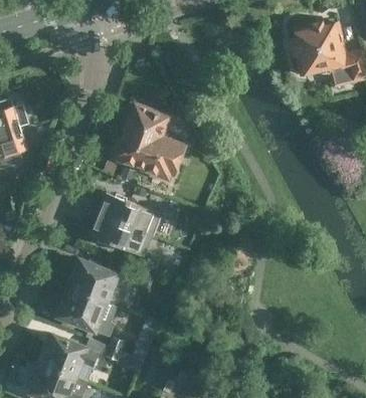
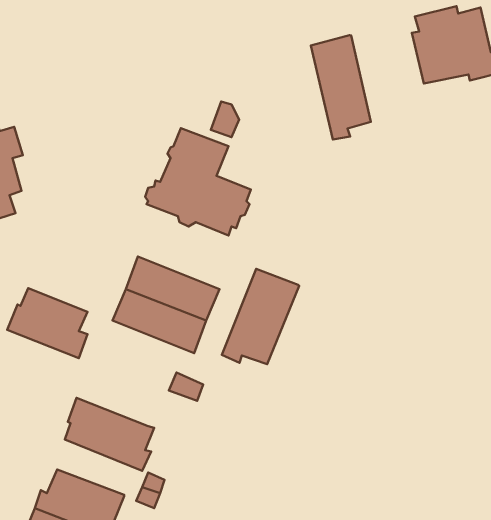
building: none -> [311,35,371,139]
building: none -> [222,269,299,364]
building: [65,259,120,307] -> [7,288,88,358]

